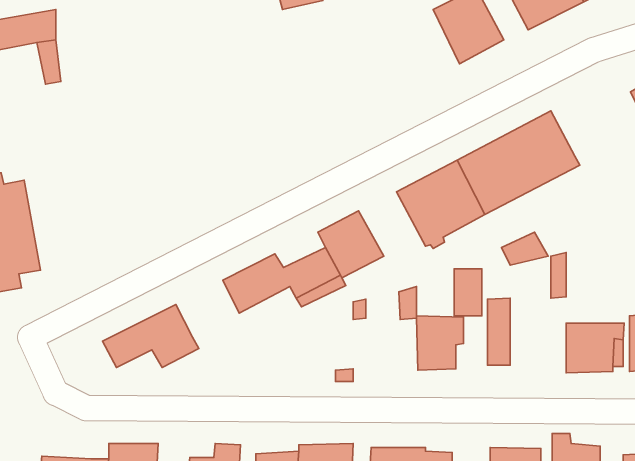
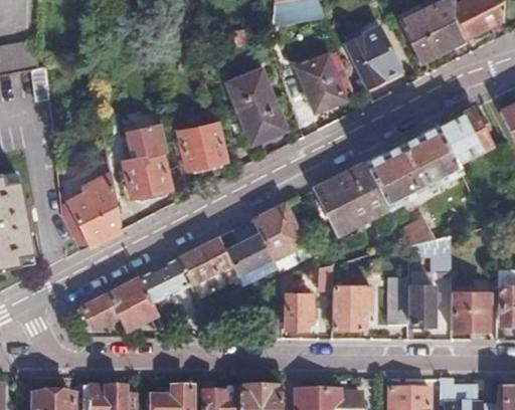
building: none -> [296,55,344,111]
building: none -> [226,70,283,143]
building: none -> [439,107,491,160]
building: none -> [122,123,169,197]
building: none -> [176,124,224,170]
building: none -> [60,159,121,250]
building: [454,269,482,316] -> [410,288,433,326]
building: none -> [141,258,191,303]
building: none -> [286,295,312,329]

